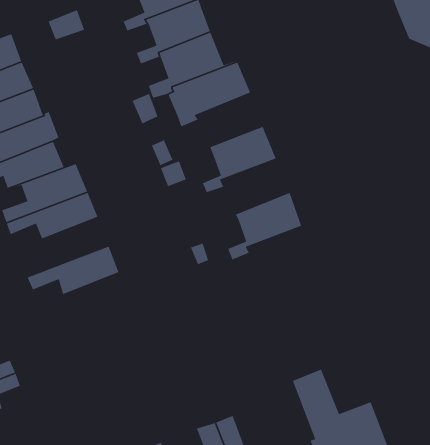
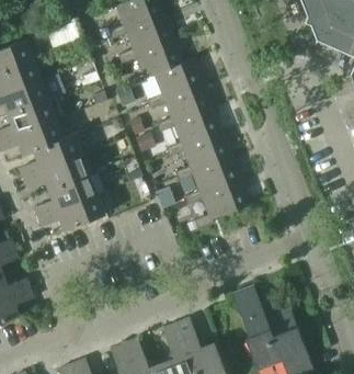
building: none -> [156,83,210,133]
building: none -> [174,132,230,182]
building: none -> [33,174,98,218]
building: none -> [186,181,249,233]

